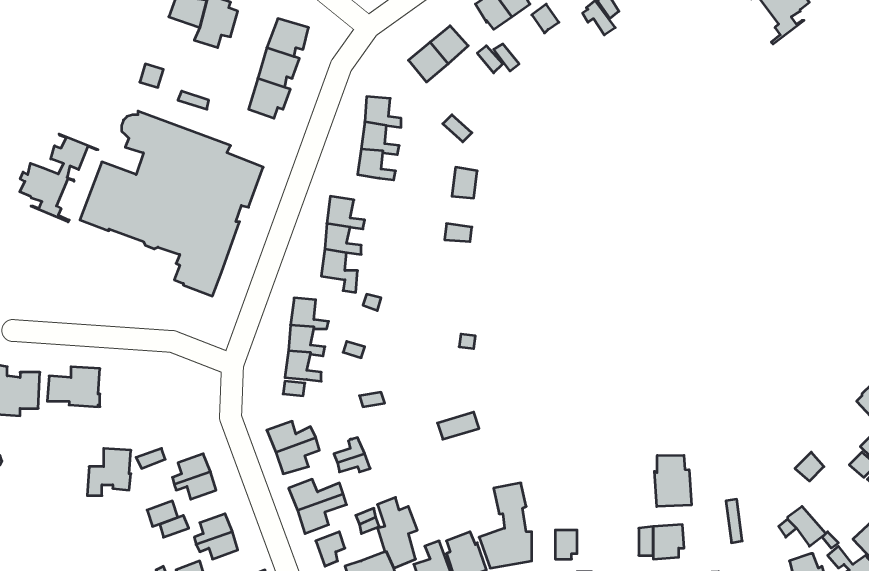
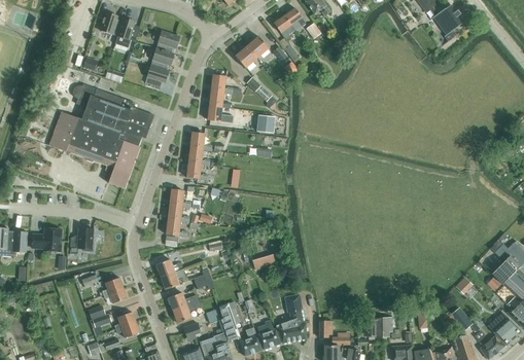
building: [20,134,98,222] -> none
building: [87,448,131,496] -> [69,227,94,254]
building: [654,455,691,507] -> none

